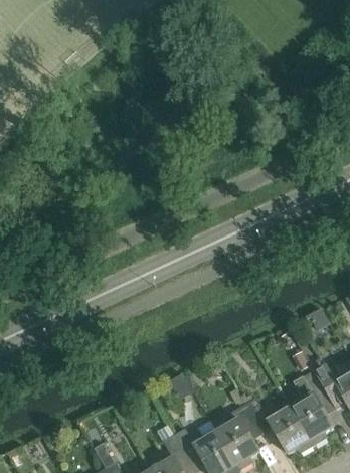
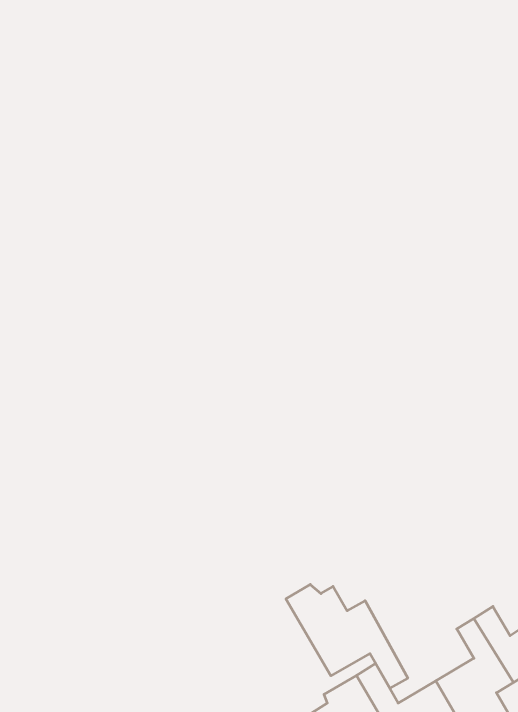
building: none -> [286,584,408,688]

